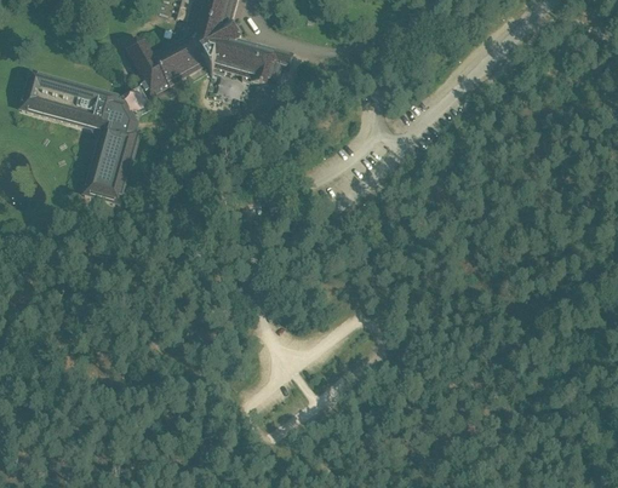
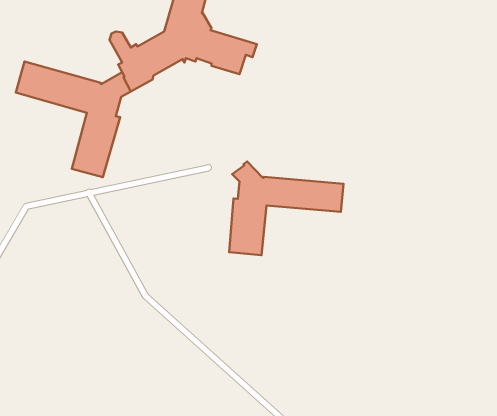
building: none -> [229,161,343,255]

